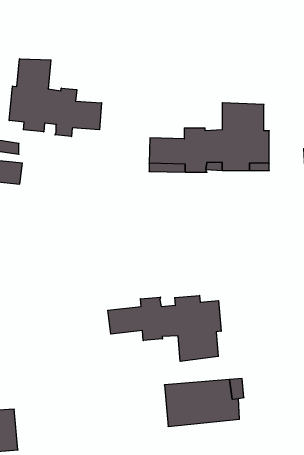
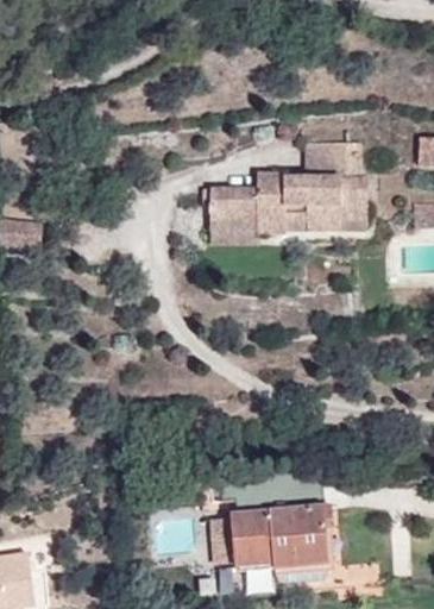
building: [9,59,102,137] -> none
building: [108,295,221,361] -> none

